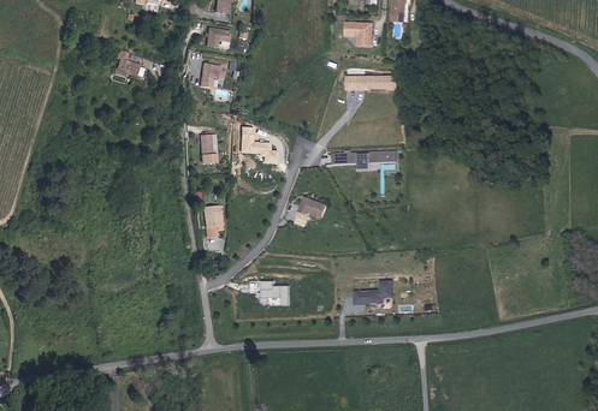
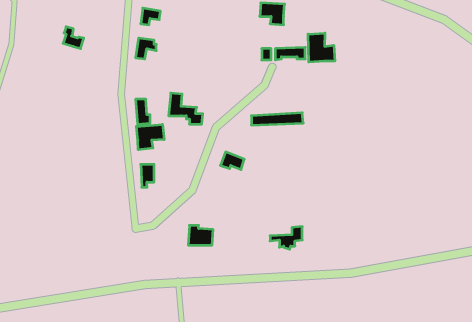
building: none -> [308,33,335,62]
building: none -> [136,124,164,150]

